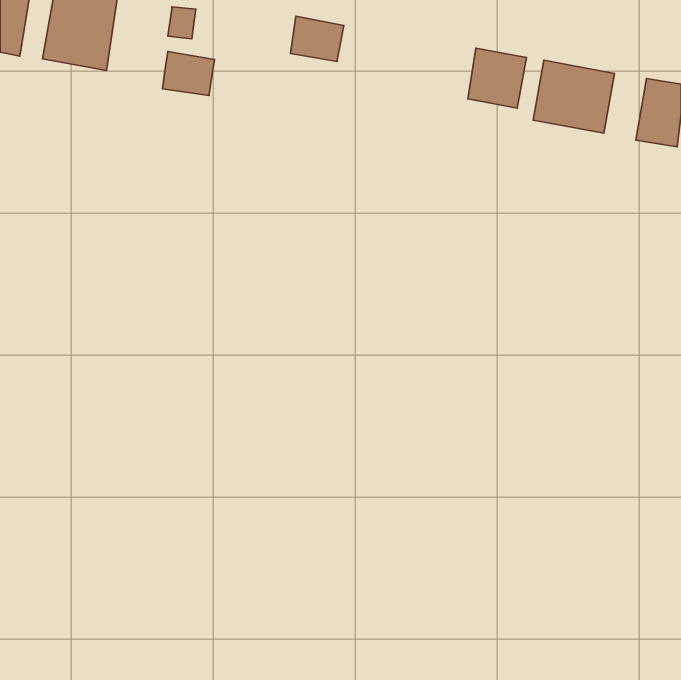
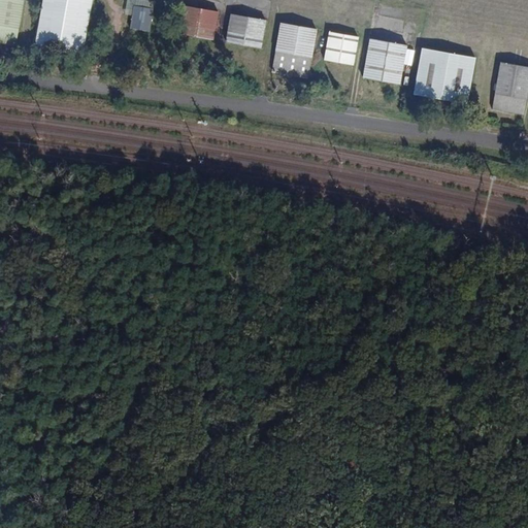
building: none -> [271,22,317,76]
building: none -> [323,31,358,64]
building: [162,51,214,95] -> [177,4,218,38]

